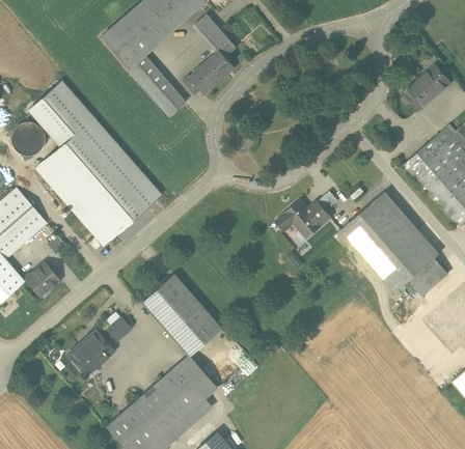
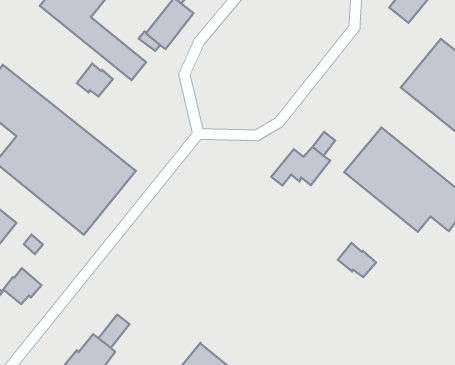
building: none -> [77,64,113,96]
building: [142,274,221,356] -> none
building: none -> [338,243,376,277]

